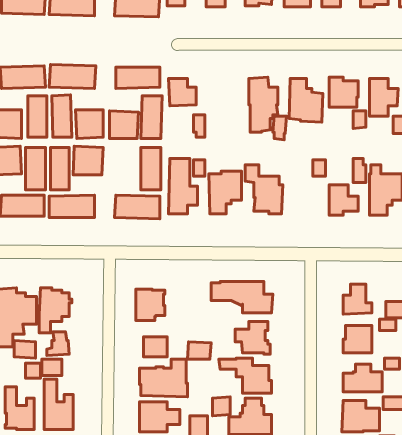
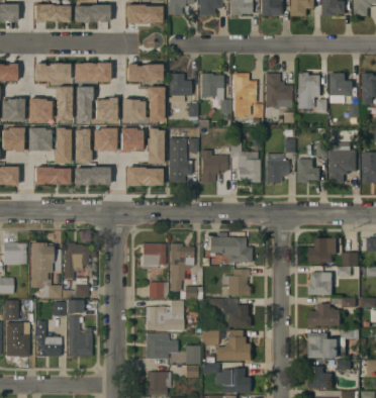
building: none -> [201,73,230,112]
building: none -> [120,128,143,151]
building: none -> [266,160,288,183]
building: none -> [171,242,194,290]

